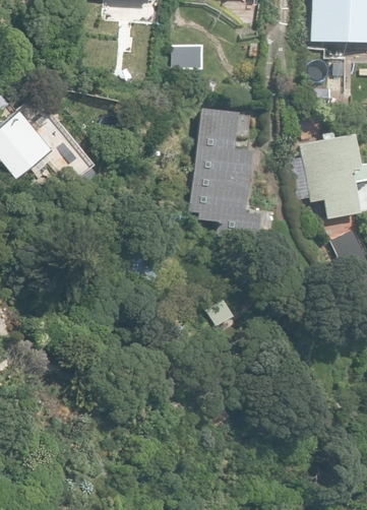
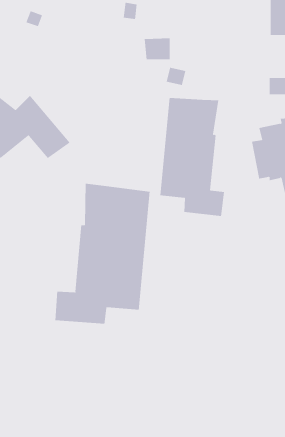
building: none -> [55,183,150,324]

